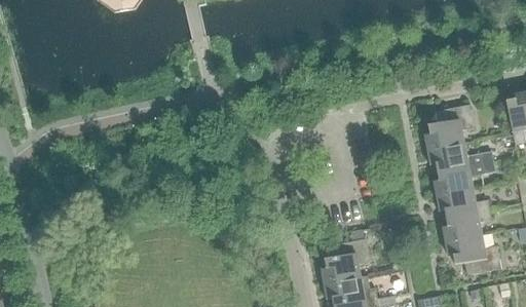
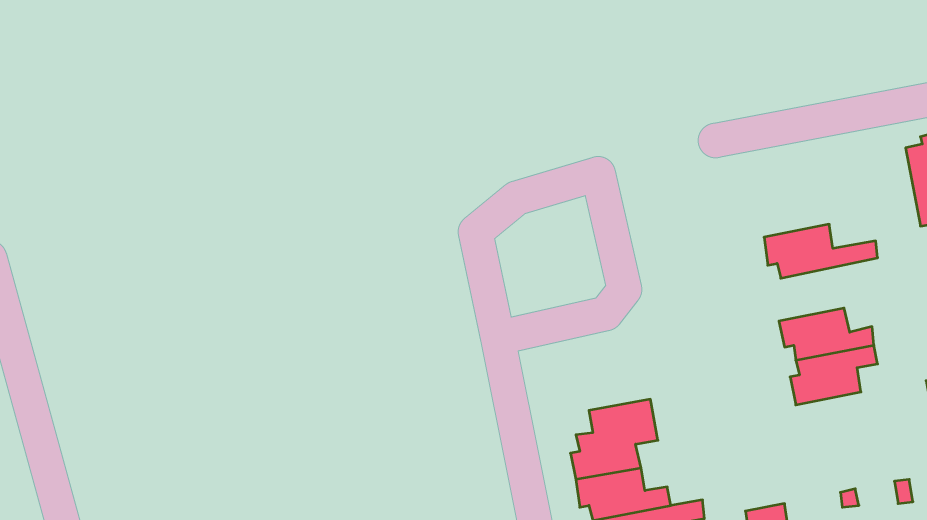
building: [424,103,473,148] -> none
building: [433,159,492,194] -> none
building: [445,233,500,273] -> none

